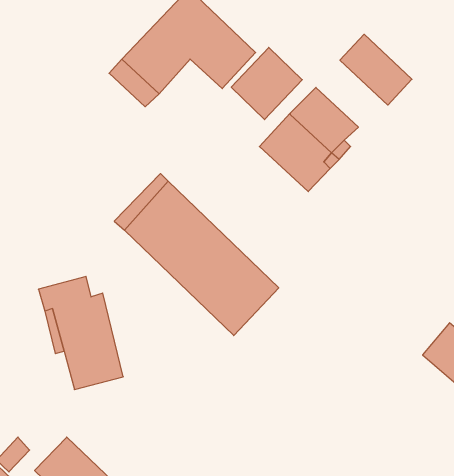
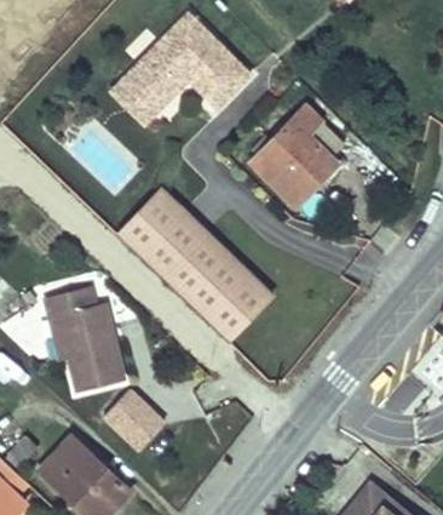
building: [340,34,412,105] -> none
building: [231,47,302,120] -> none
building: none -> [96,384,163,453]

